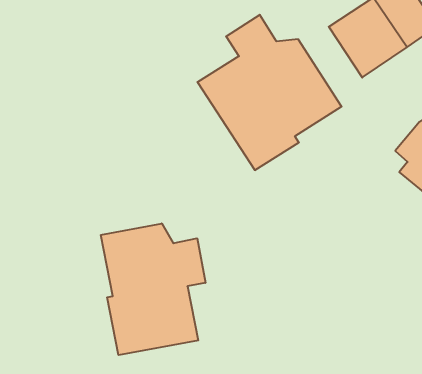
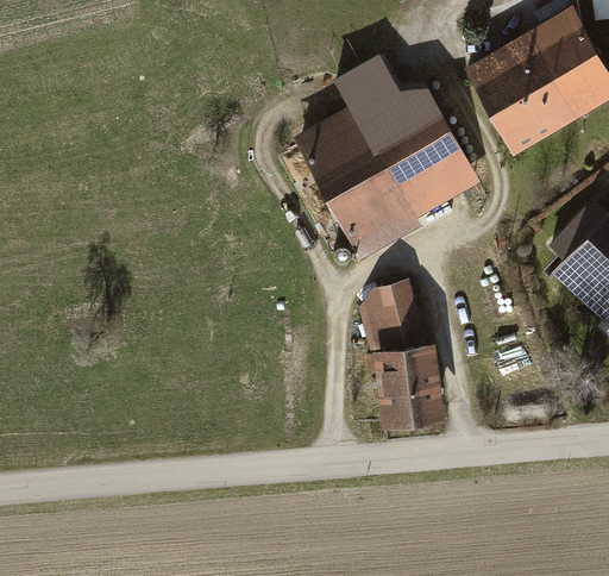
building: none -> [358,278,446,431]
building: [101,223,205,355] -> none

